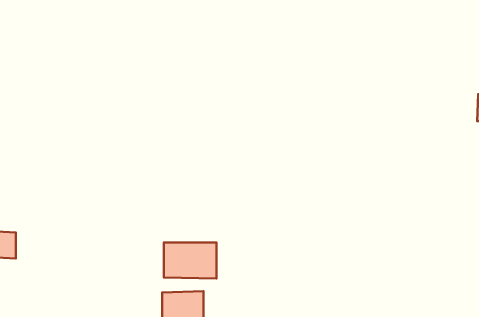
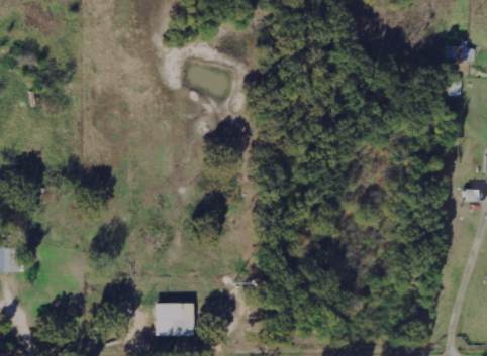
building: [164,242,216,279] -> none

